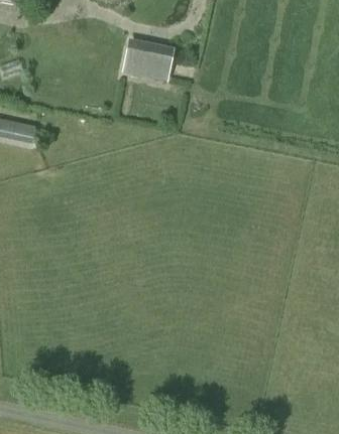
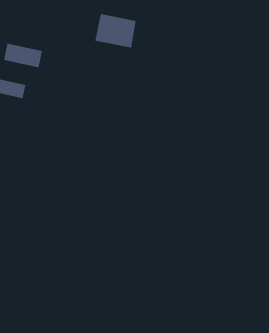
building: none -> [3,43,42,68]

